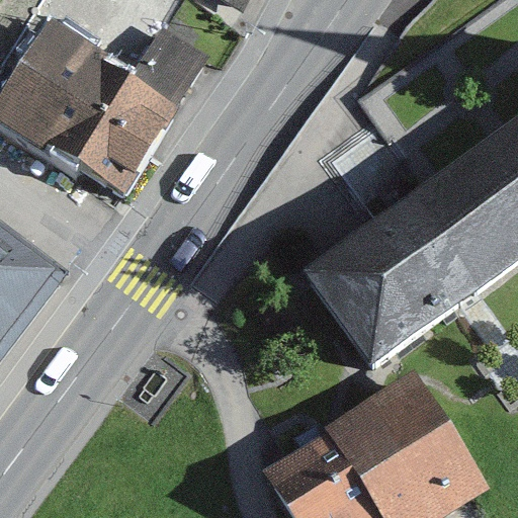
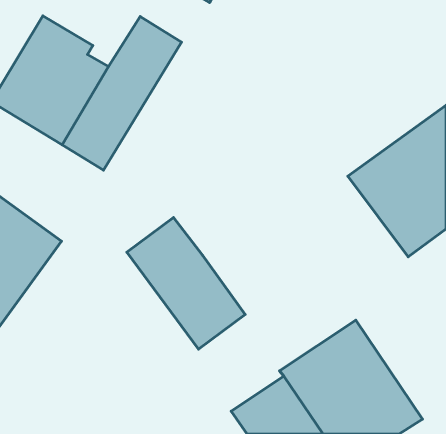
building: [300,203,471,371] -> none
building: none -> [127,217,245,349]

